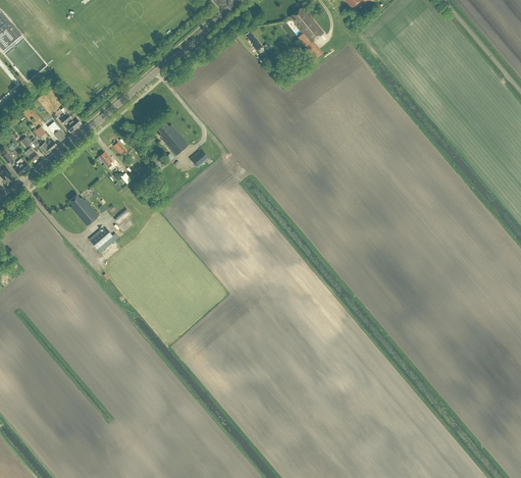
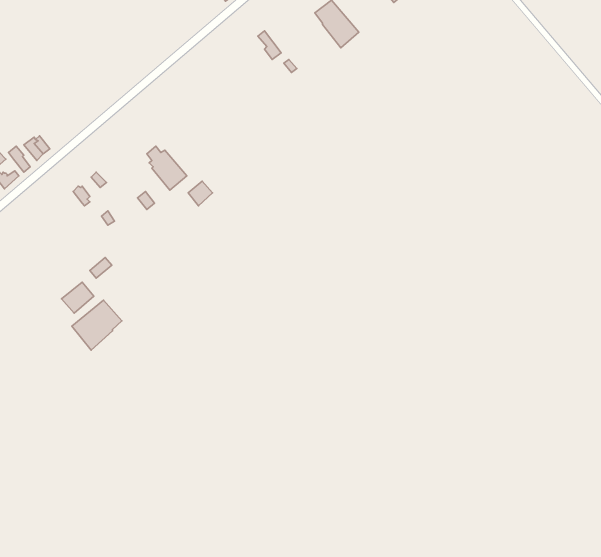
building: [69,193,99,225] -> none
building: none -> [72,300,122,350]

